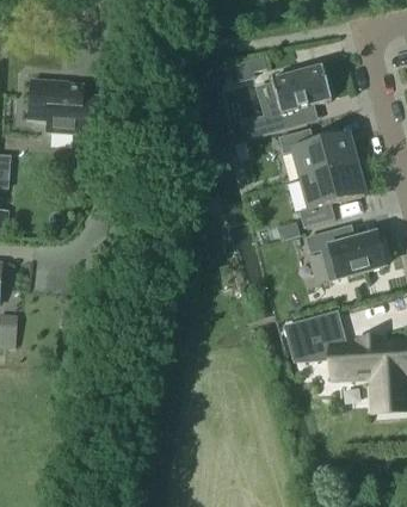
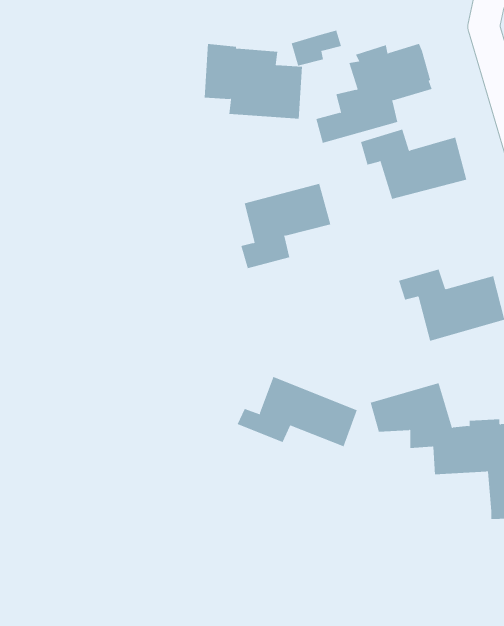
building: [29,78,100,132] -> [204,43,303,119]
building: [298,163,364,225] -> [241,183,331,269]
building: none -> [237,376,357,447]

